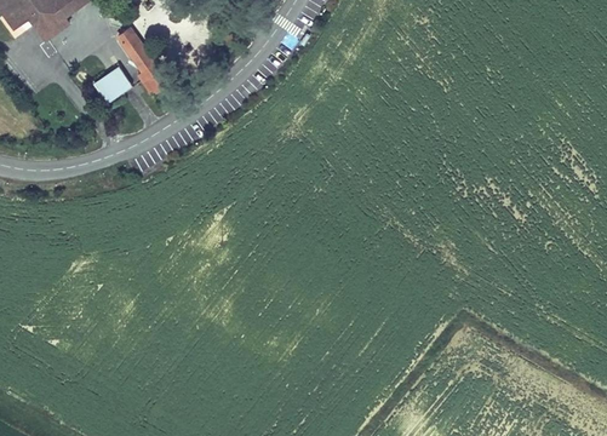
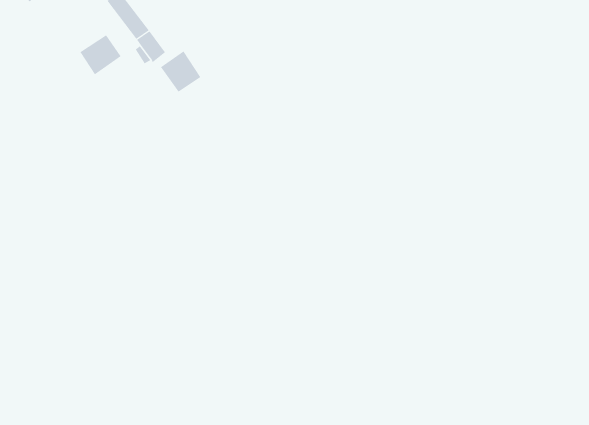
building: none -> [160,50,201,93]

